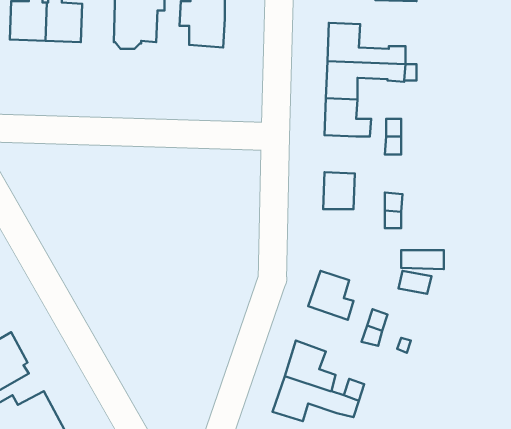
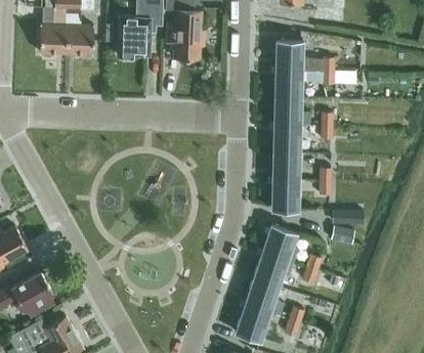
building: none -> [274,125,298,153]
building: none -> [272,180,296,209]
building: none -> [253,253,292,286]

